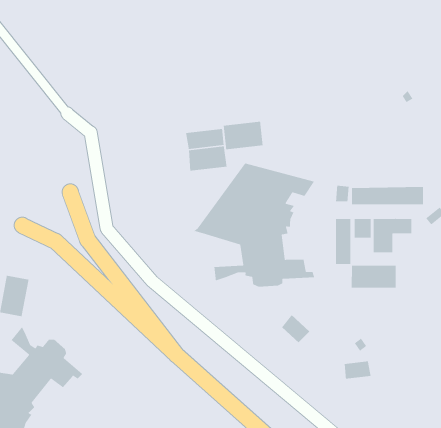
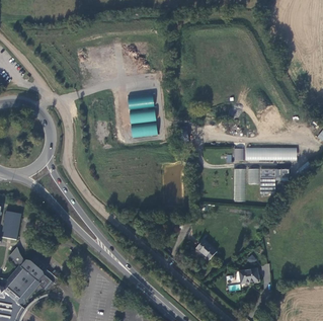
building: [223,121,264,150] -> none
building: [192,162,315,287] -> none
building: [351,265,397,289] -> none

